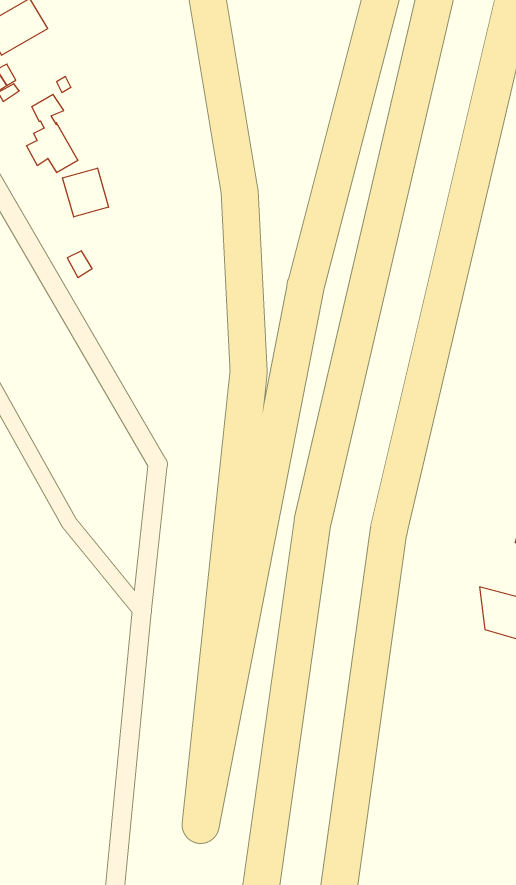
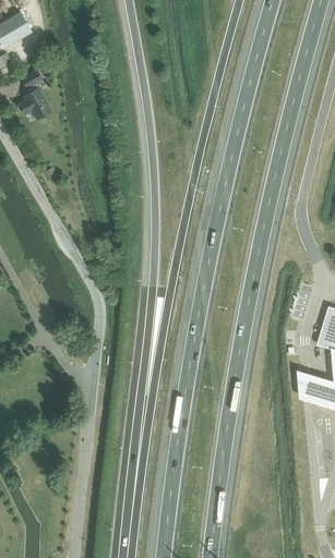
building: [63,168,109,217] -> none

